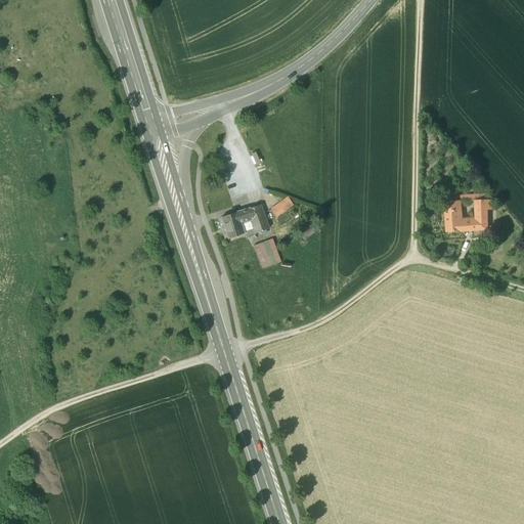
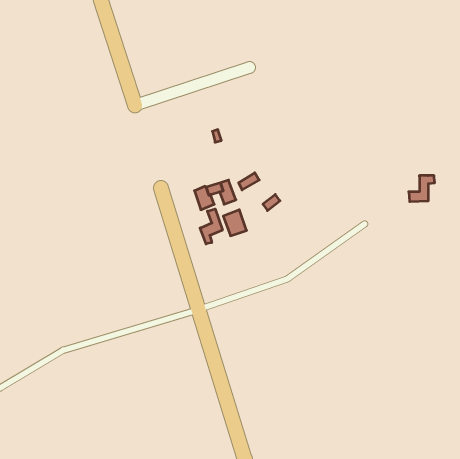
building: [444,201,466,231] -> none
building: none -> [200,209,222,244]

